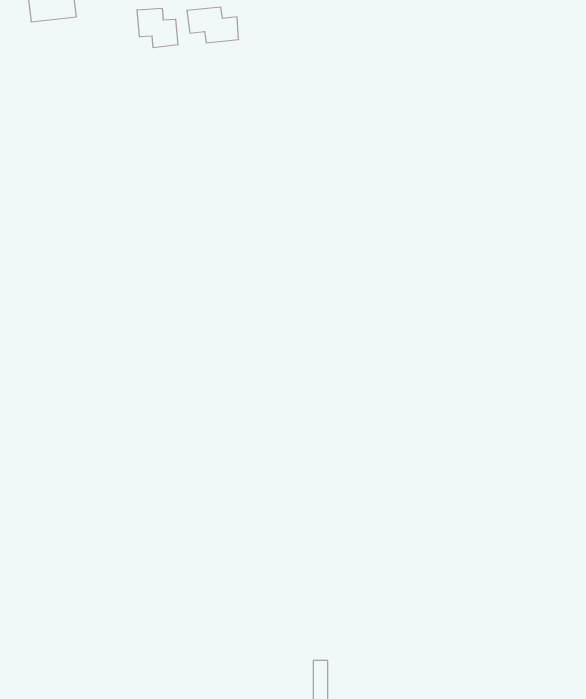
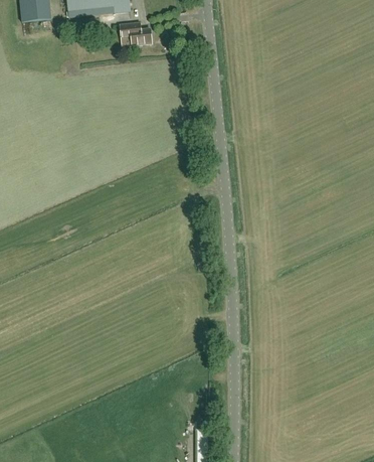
building: [137,8,178,48] -> none

